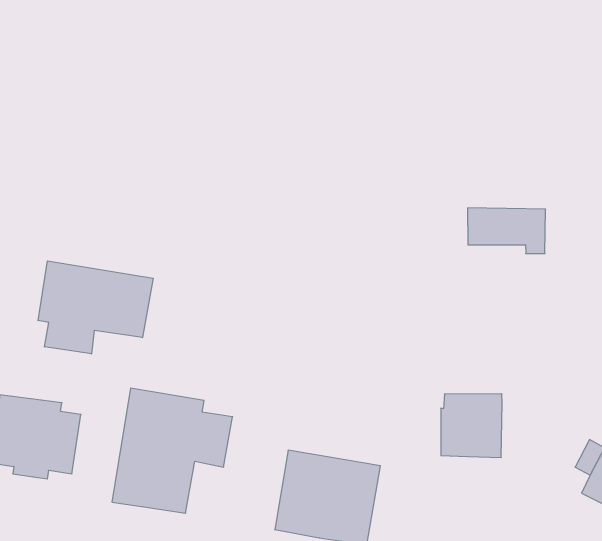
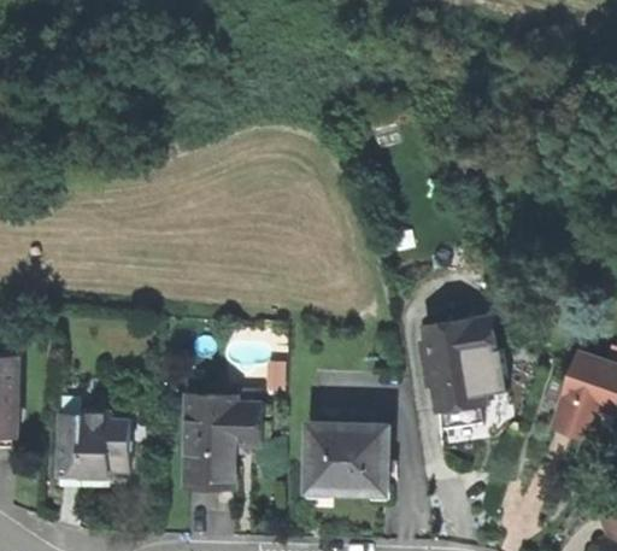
building: [468,208,546,254] -> [427,321,495,359]
building: [38,261,153,354] -> none

